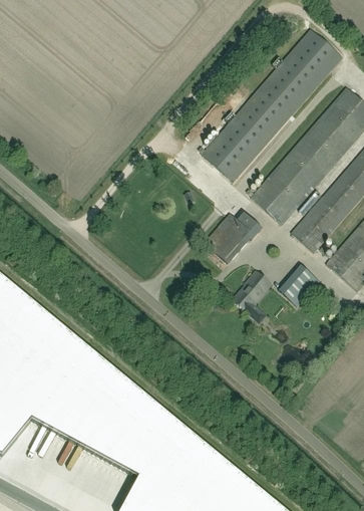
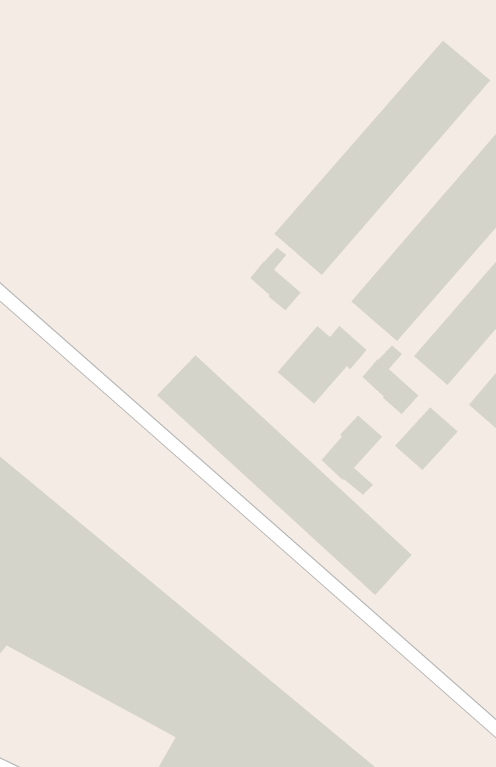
building: none -> [249,247,302,311]
building: none -> [362,345,419,415]
building: none -> [156,355,413,596]

